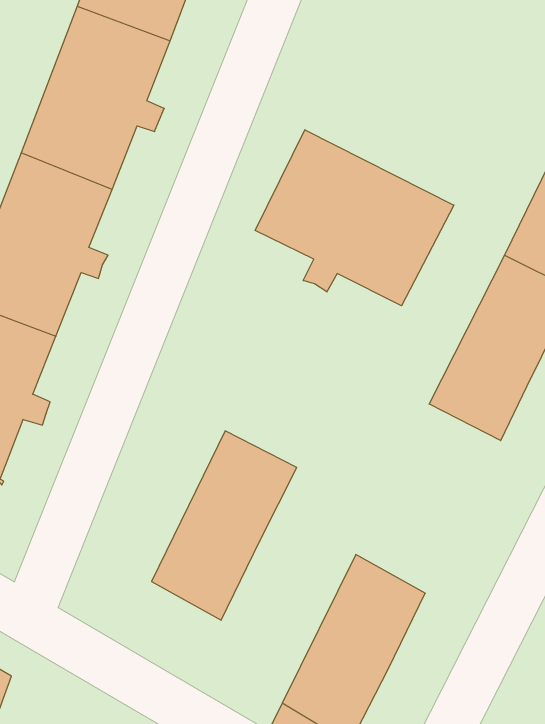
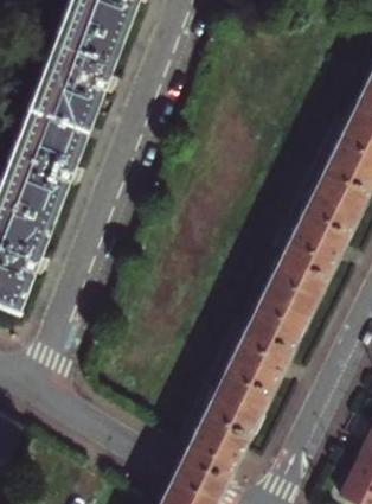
building: [255,130,454,306] -> none
building: [152,431,297,620] -> [236,259,325,375]

